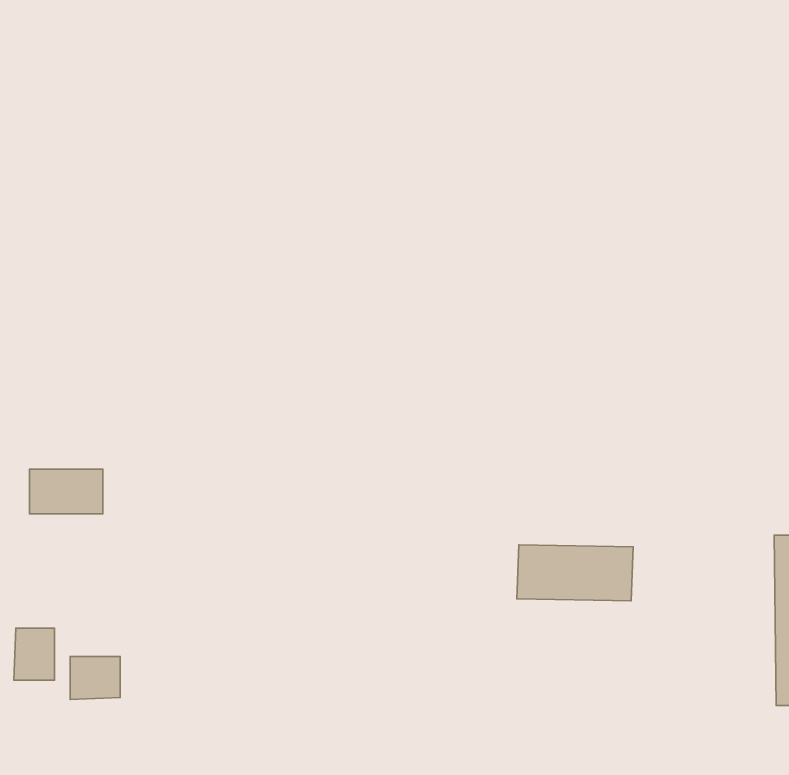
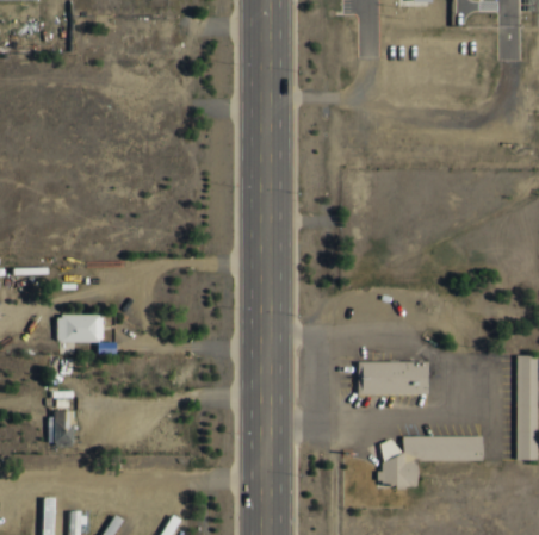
building: [70,656,120,699] -> none
building: none -> [380,436,484,487]

